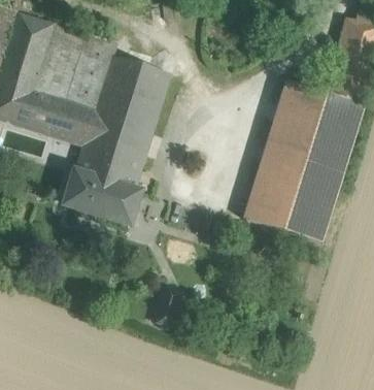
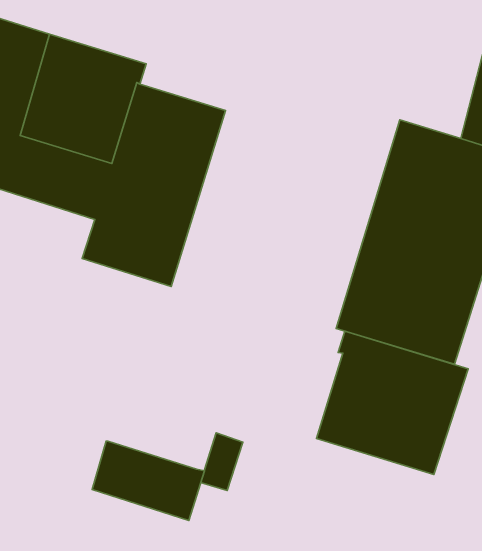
building: [65,172,139,225] -> [92,441,204,521]
building: none -> [317,331,468,475]

